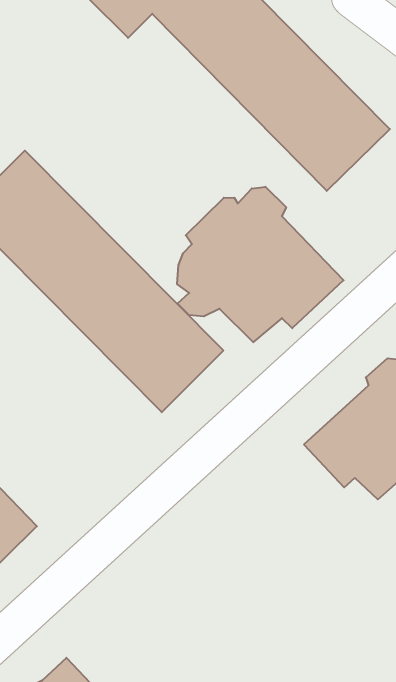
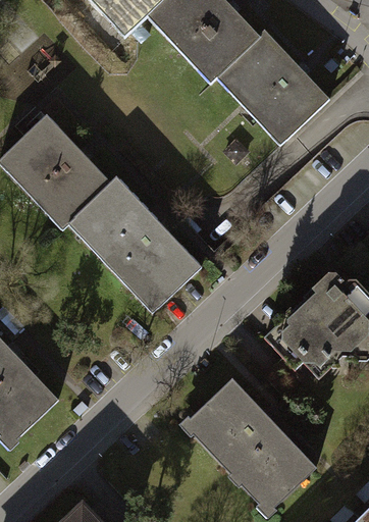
building: [177,187,344,342] -> none
building: none -> [187,378,321,516]

